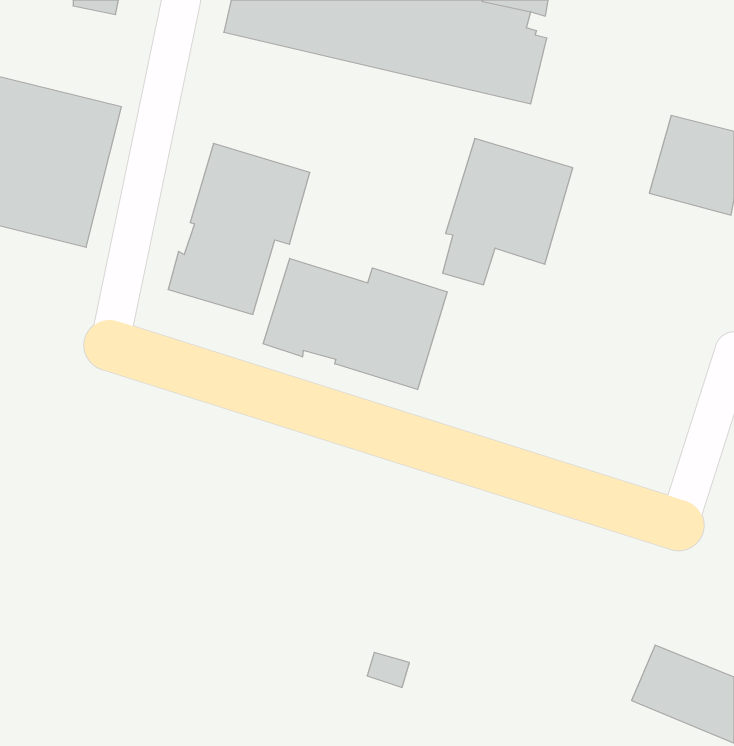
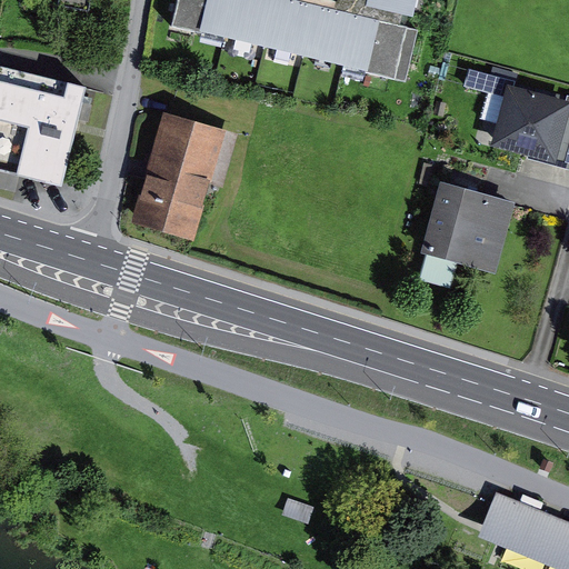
building: [443,138,573,285] -> [416,179,515,290]
building: [263,258,447,390] -> none

